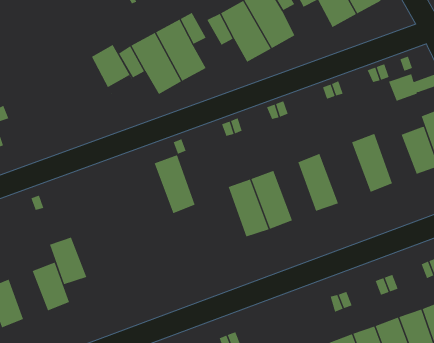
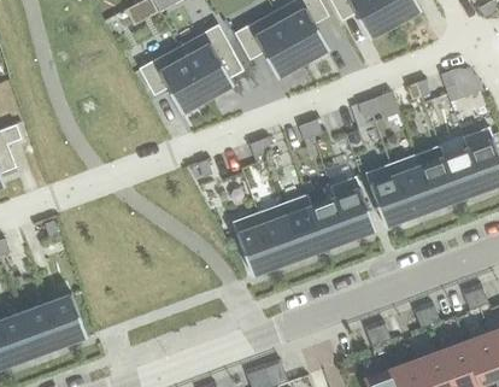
building: [91,44,135,95] -> none
building: none -> [415,146,459,209]
building: none -> [365,164,410,227]
building: [154,154,195,214] -> [231,212,276,276]
building: none -> [306,186,351,248]
building: [49,237,87,285] -> [22,303,63,354]

